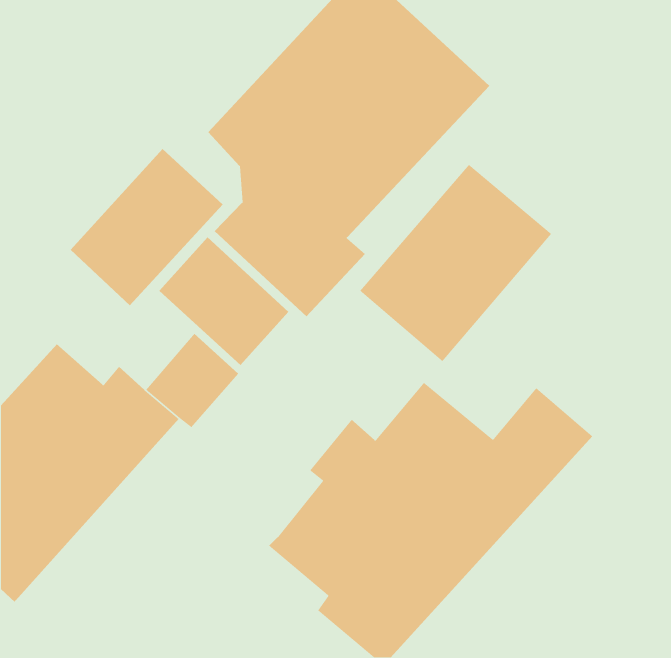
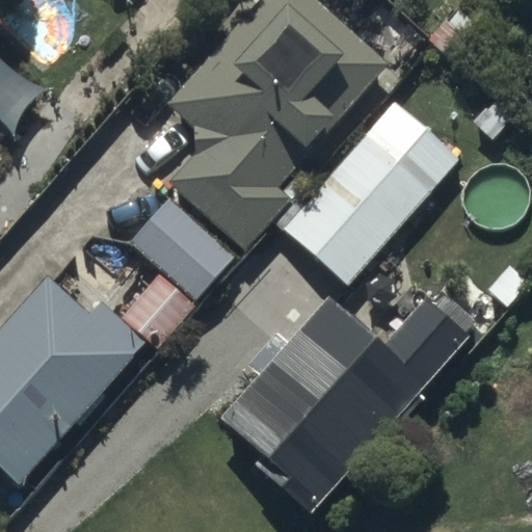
building: [70,148,224,306] -> none

